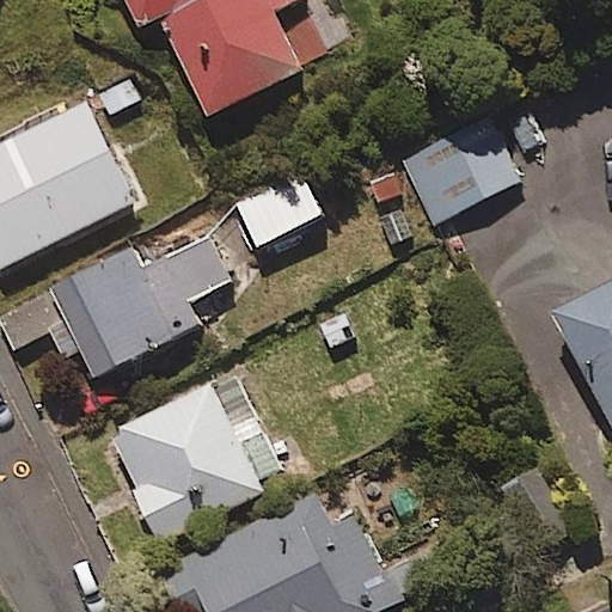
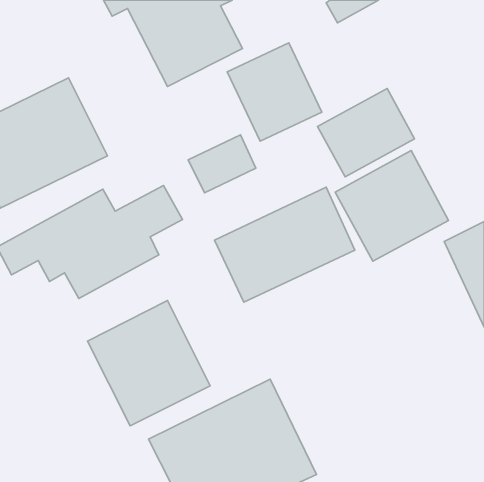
building: none -> [227,43,322,141]
building: none -> [335,151,448,261]
building: none -> [214,187,355,302]

